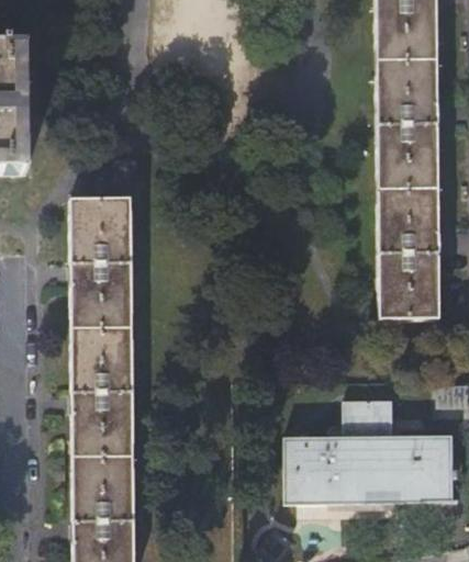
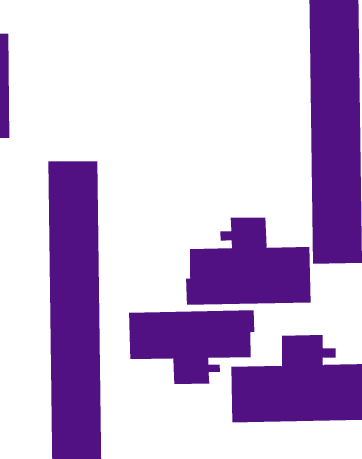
building: none -> [186,217,311,305]
building: none -> [129,310,255,385]

